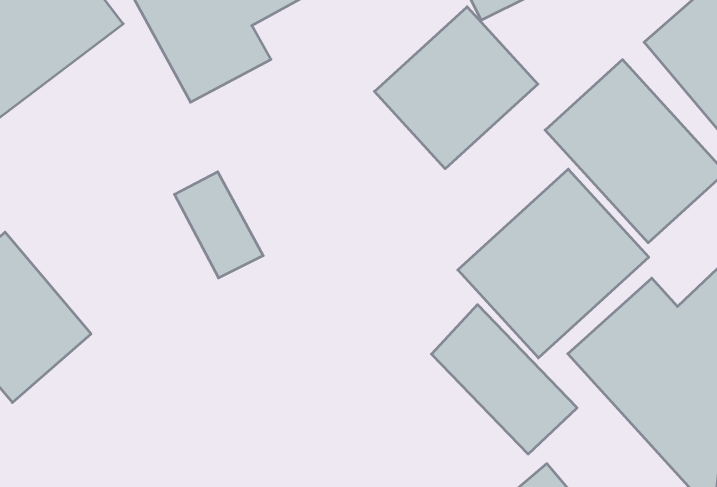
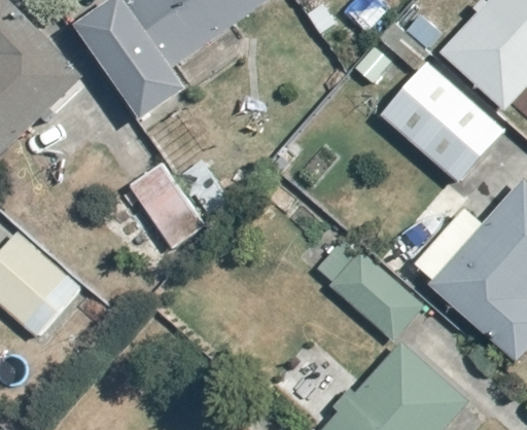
building: [374,7,538,169] -> none
building: [458,169,649,358] -> none

